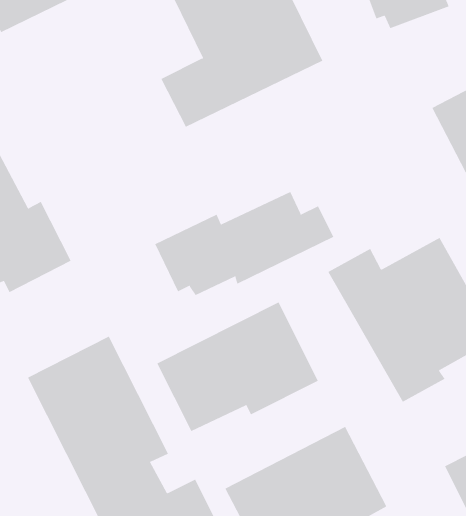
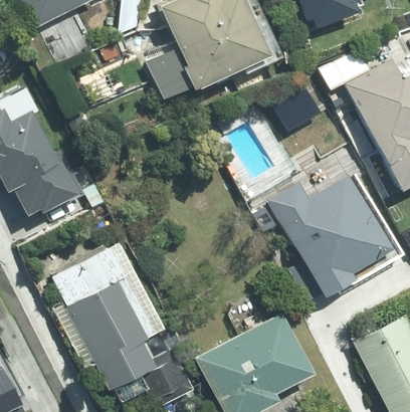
building: [154,191,334,296] -> none
building: [157,302,319,432] -> none

